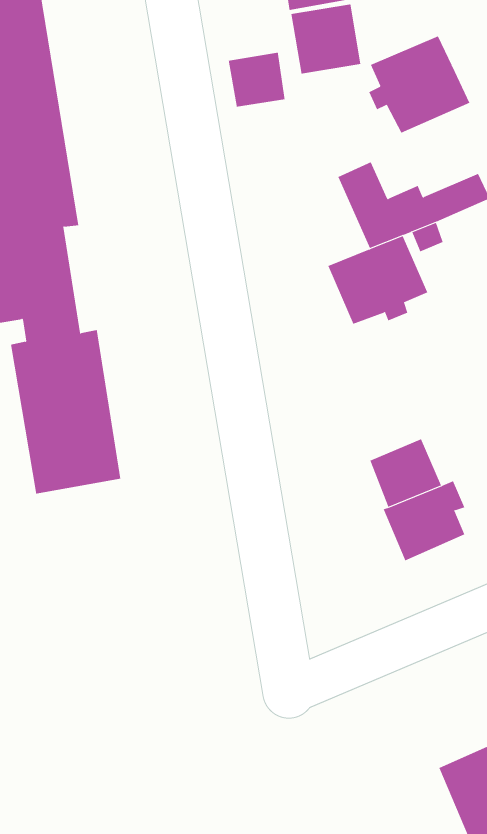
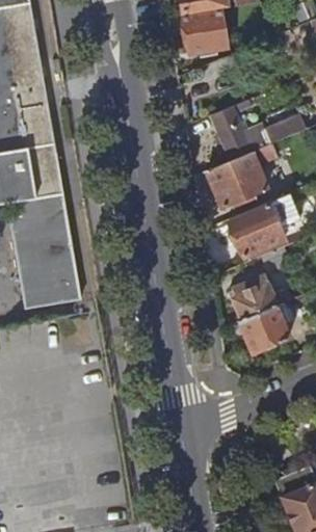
building: [369,36,470,133] -> none
building: [228,52,285,107] -> none
building: none -> [229,202,285,258]

